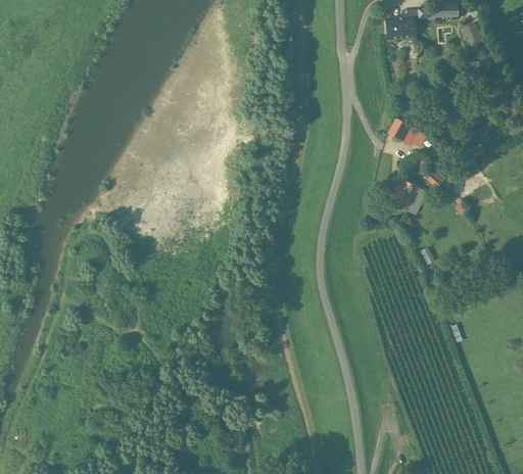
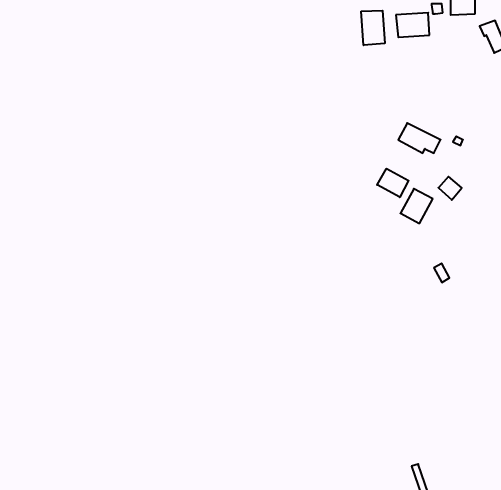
building: none -> [361,11,385,45]
building: none -> [377,169,409,197]

